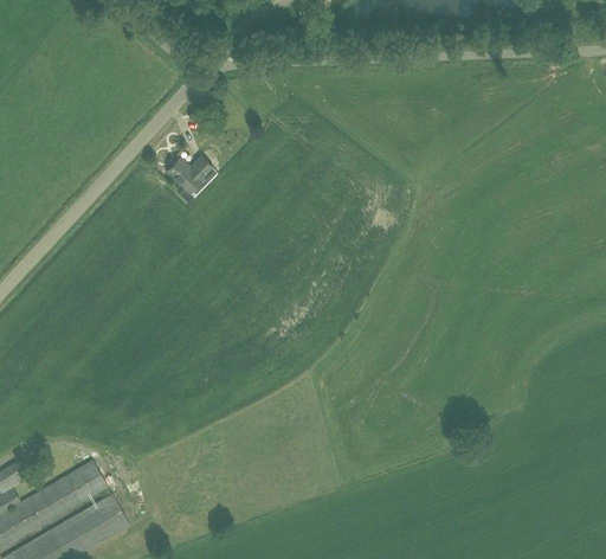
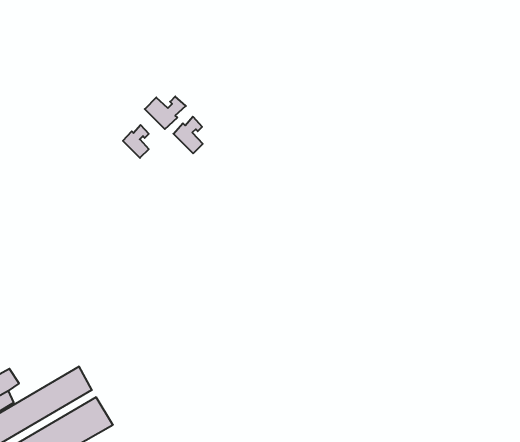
building: none -> [173,117,203,153]
building: none -> [123,125,149,158]

